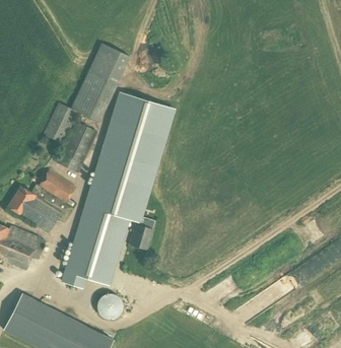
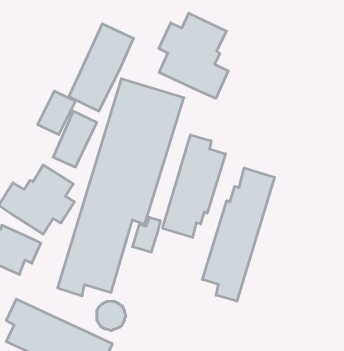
building: none -> [159,13,228,98]
building: none -> [163,135,226,238]
building: none -> [202,168,275,301]

